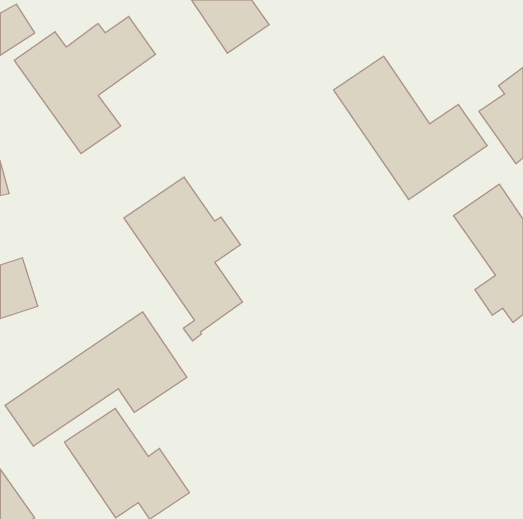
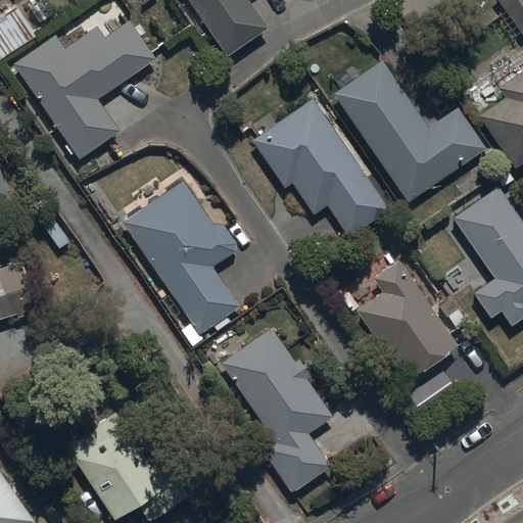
building: none -> [252,100,390,238]
building: none -> [356,259,457,378]
building: [5,312,187,446] -> none
building: none -> [222,330,333,492]

